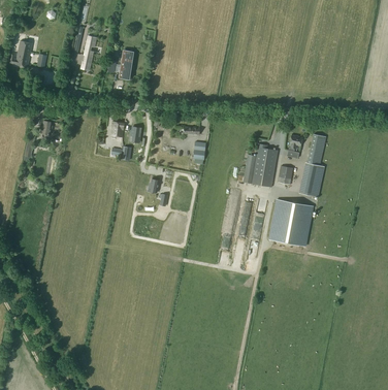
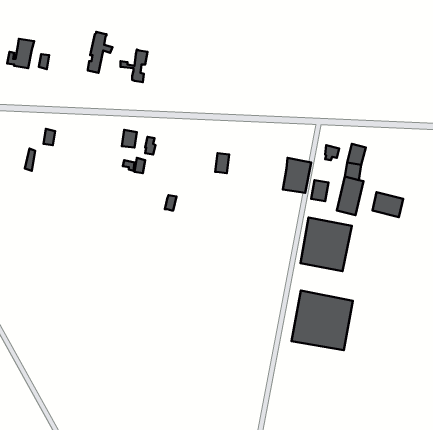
building: [244,154,272,186] -> none
building: none -> [372,192,403,217]
building: none -> [291,291,353,350]

